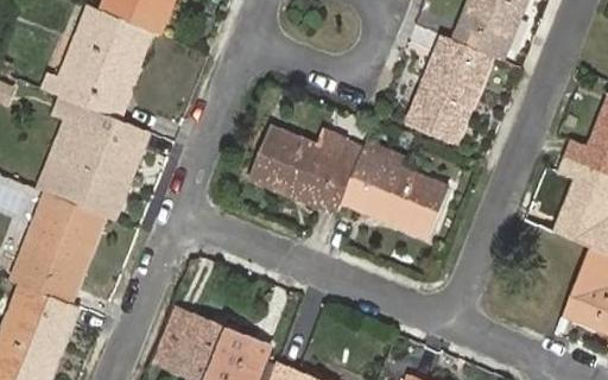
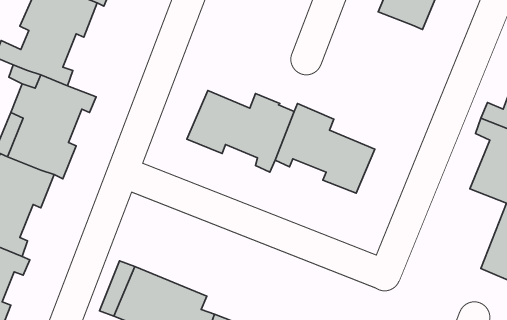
building: [407,37,489,144] -> none

